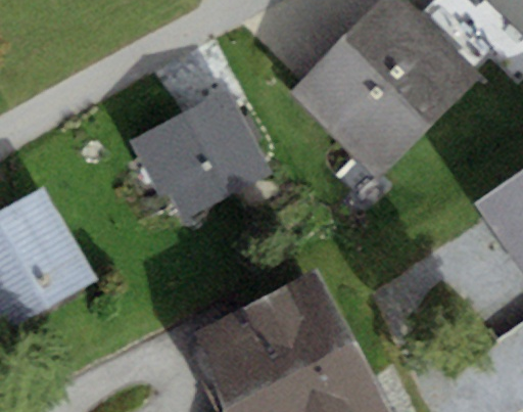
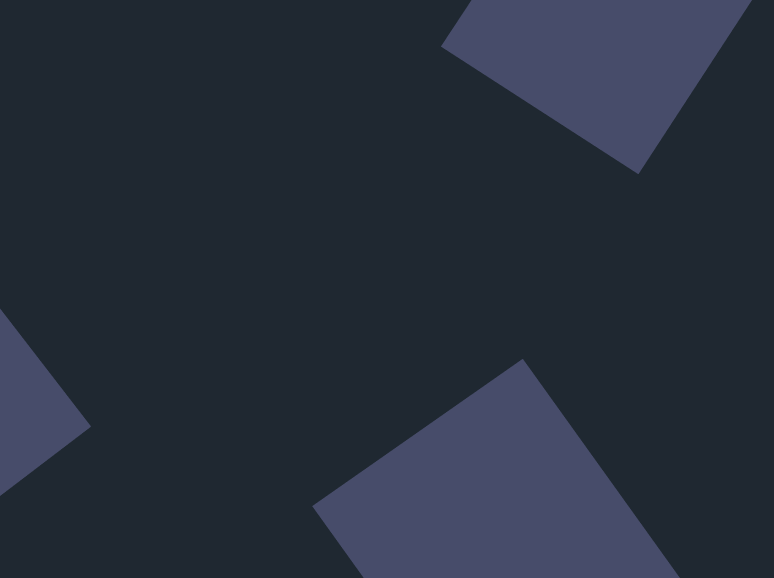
building: [132,103,267,230] -> none

